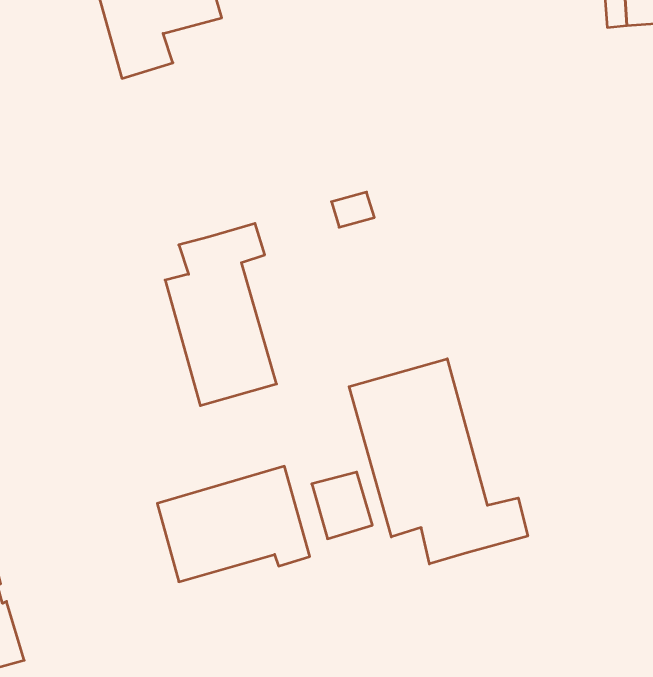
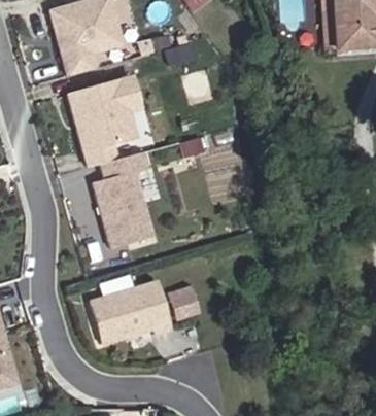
building: none -> [69,77,140,167]
building: [349,359,528,564] -> none

